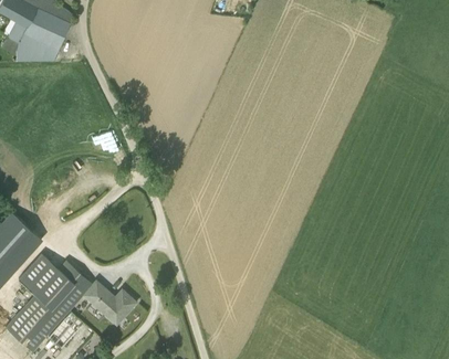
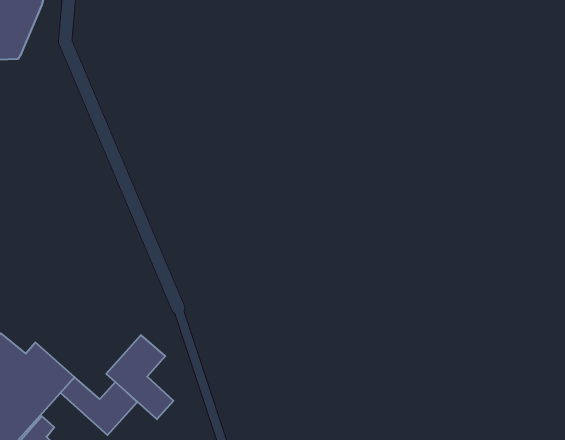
building: none -> [106,335,173,419]

